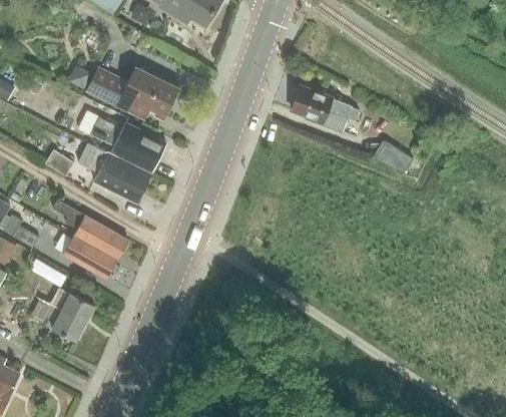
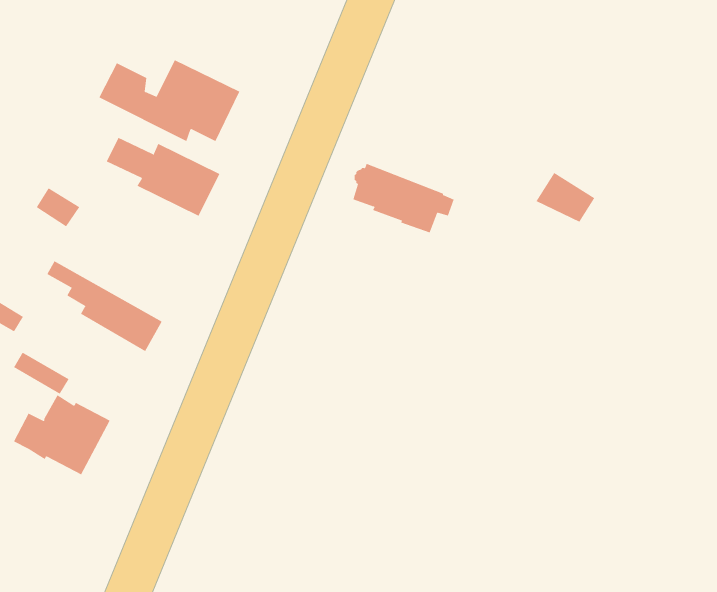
building: [291,85,358,131] -> [352,163,455,233]
building: [81,143,150,201] -> none
building: [62,234,116,278] -> none

